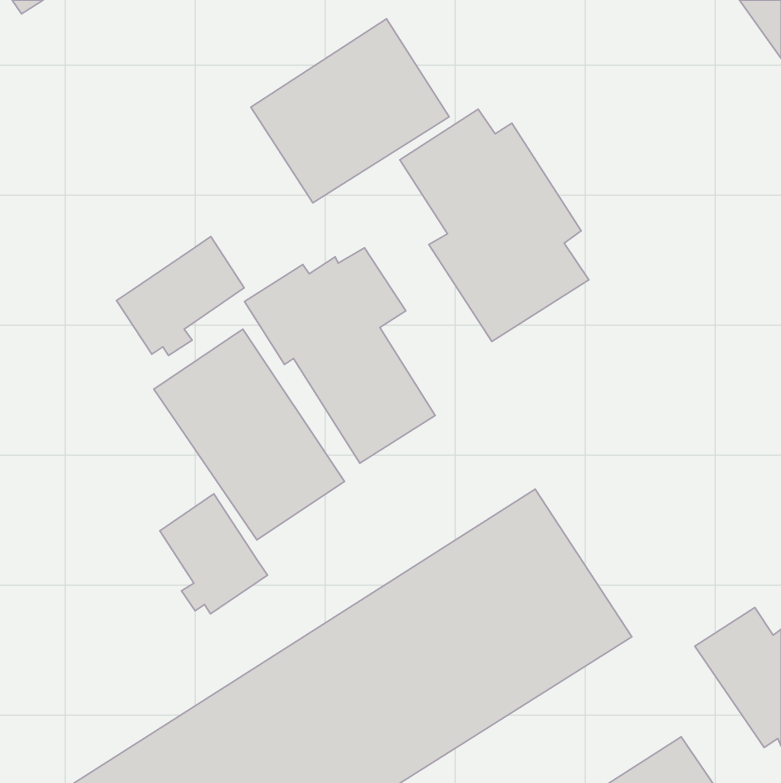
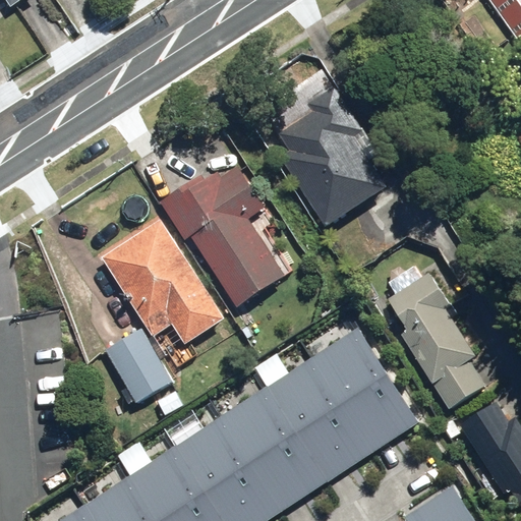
building: [251,19,449,203] -> none
building: [117,237,244,356] -> none
building: none -> [387,265,486,413]

